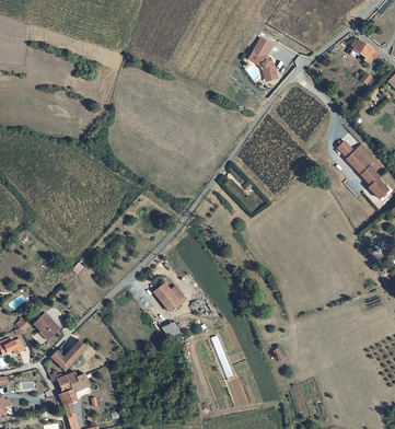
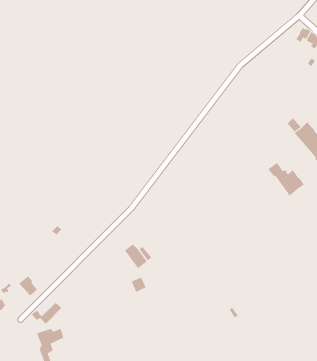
building: [249,36,277,79] -> none
building: none -> [268,162,305,196]

